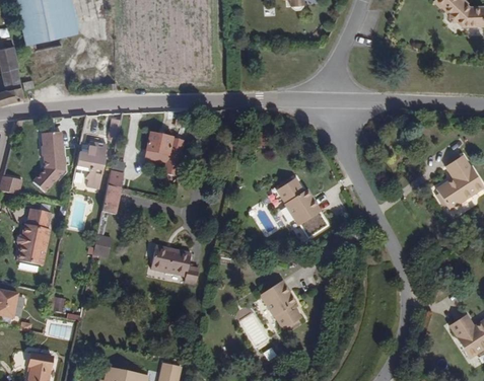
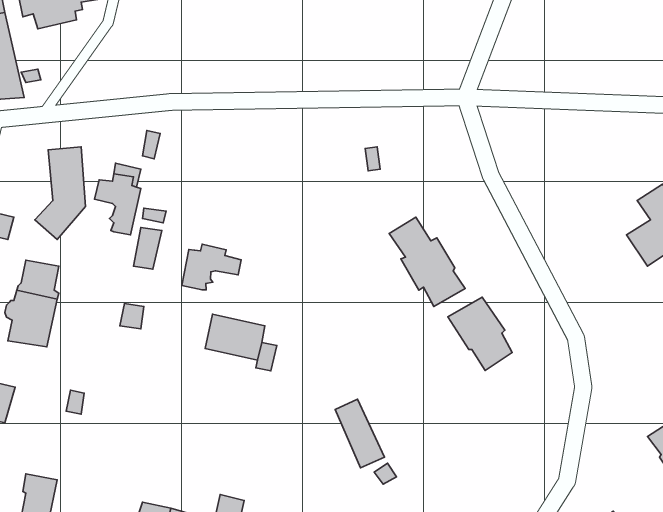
building: [146,132,170,153] -> none
building: none -> [182,244,241,290]
building: [255,281,298,330] -> [448,297,512,370]

